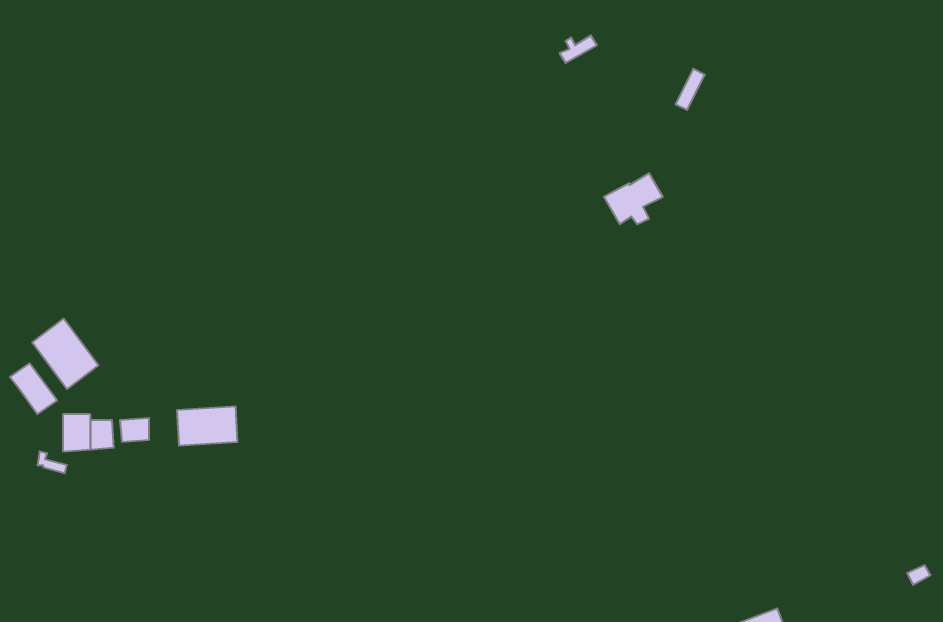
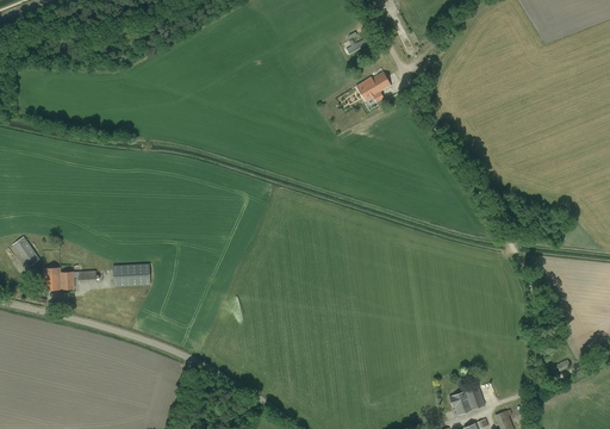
building: [604,173,663,224] -> [356,72,392,102]
building: [32,319,98,389] -> none

